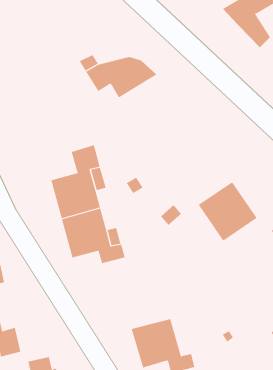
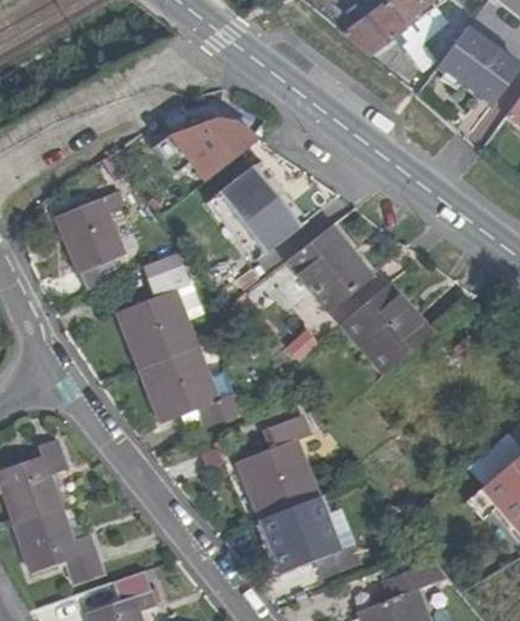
building: none -> [206,158,303,257]
building: none -> [57,187,135,289]
building: none -> [287,226,370,309]
building: none -> [239,415,318,517]

